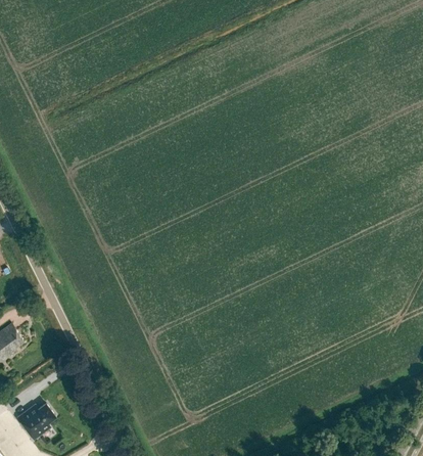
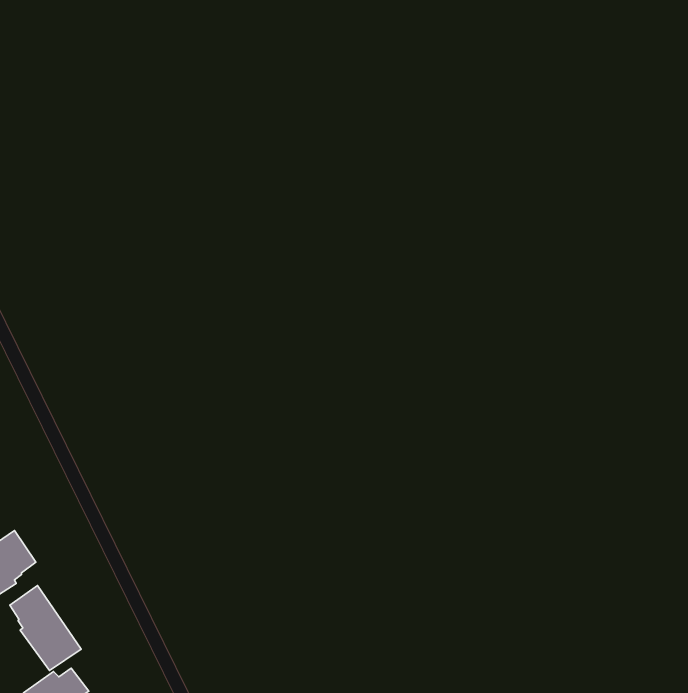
building: none -> [10,586,81,670]

